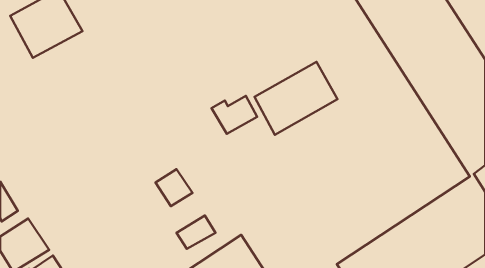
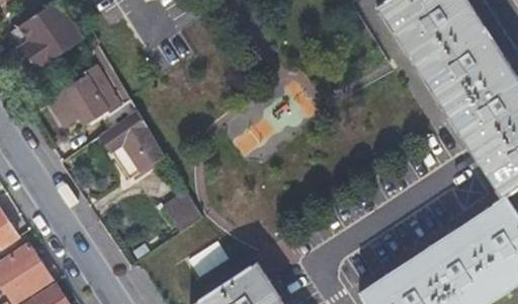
building: none -> [53,65,121,124]
building: [254,62,337,135] -> none
building: none -> [101,111,166,178]

